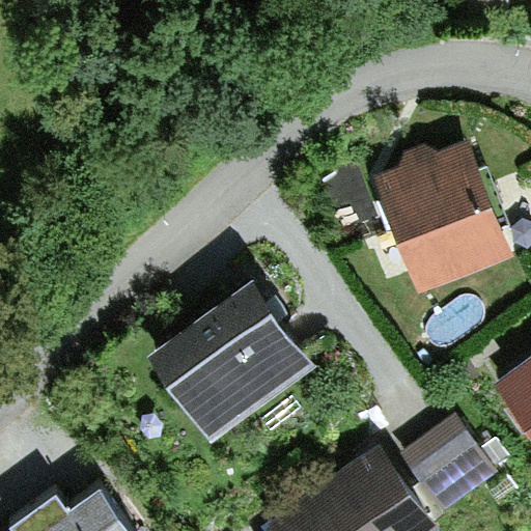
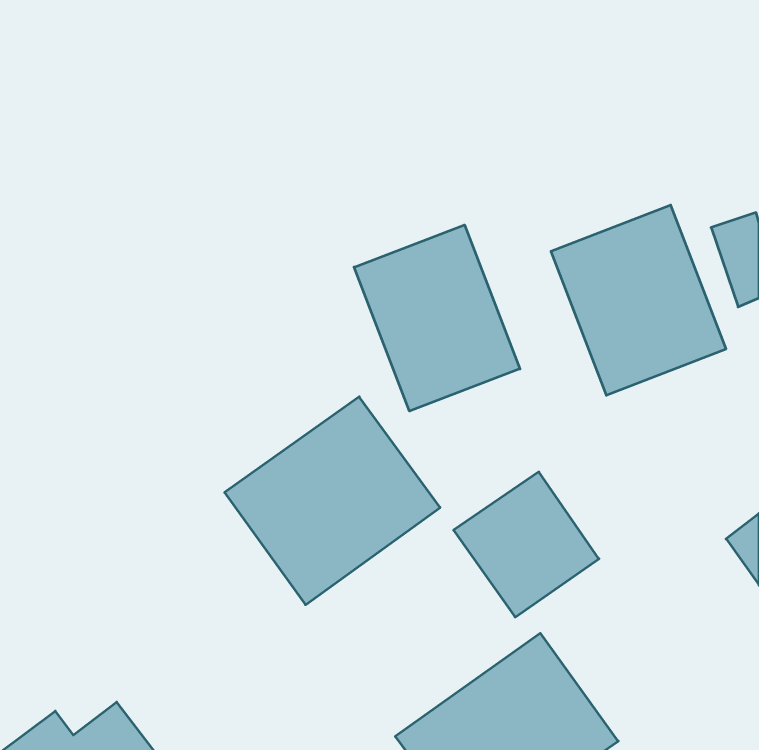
building: none -> [354,225,520,411]
building: [403,414,504,514] -> [454,472,599,617]

